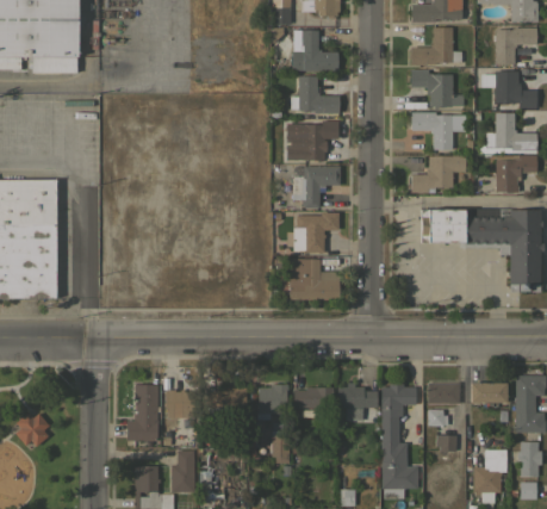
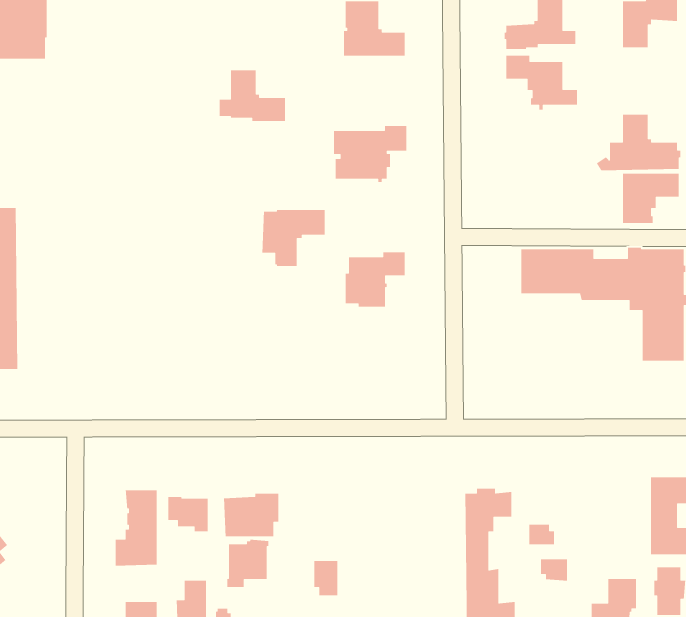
building: [495,70,536,108] -> none
building: [291,75,340,113] -> [219,69,286,122]
building: [411,112,467,149] -> none
building: [411,155,466,193] -> none
building: [293,166,340,207] -> [261,209,325,267]
building: [290,259,340,300] -> none
building: [338,383,378,420] -> none
building: [428,383,460,403] -> none
building: [472,383,508,403] -> none
building: [257,384,288,420] -> [227,539,269,588]
building: [293,387,334,418] -> none

